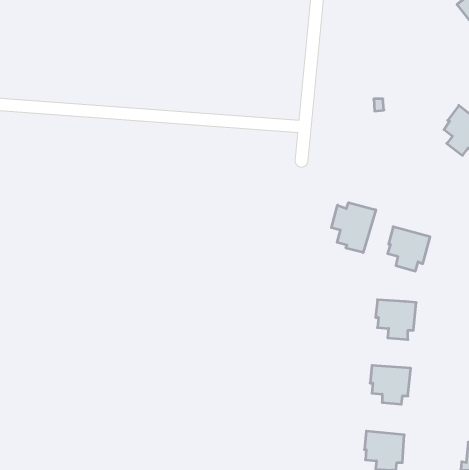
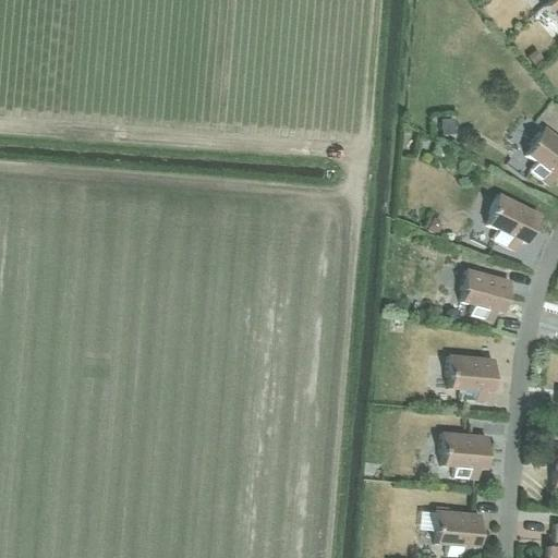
building: none -> [487,192,541,247]
building: [331,203,376,253] -> none

